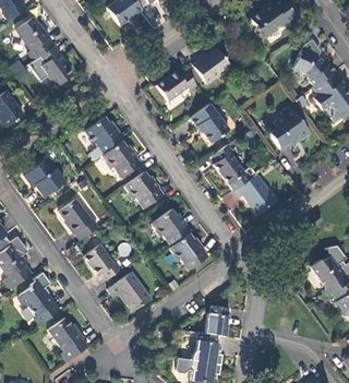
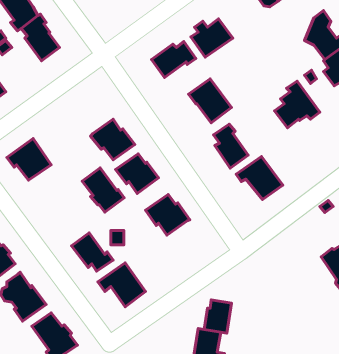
building: [83,116,122,153] -> none
building: [59,199,97,239] -> [82,168,124,212]
building: [168,232,208,271] -> none

